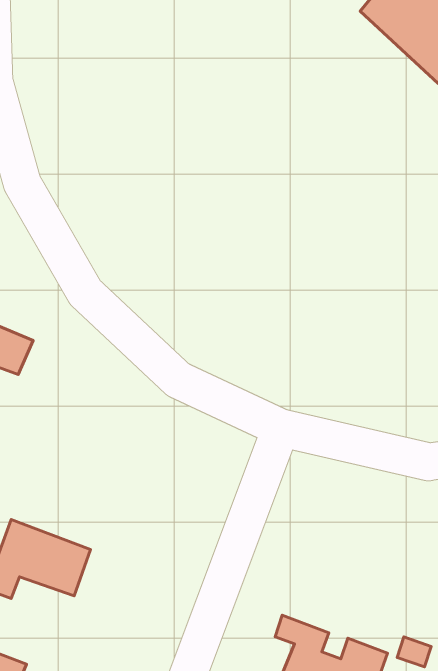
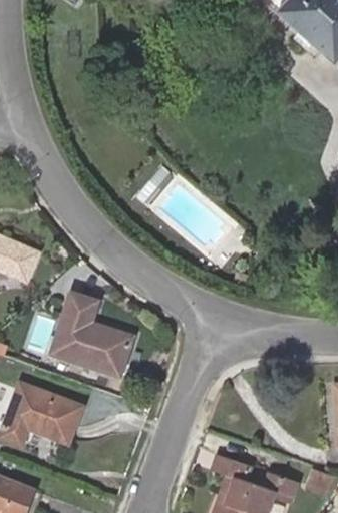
building: none -> [54,294,131,374]

